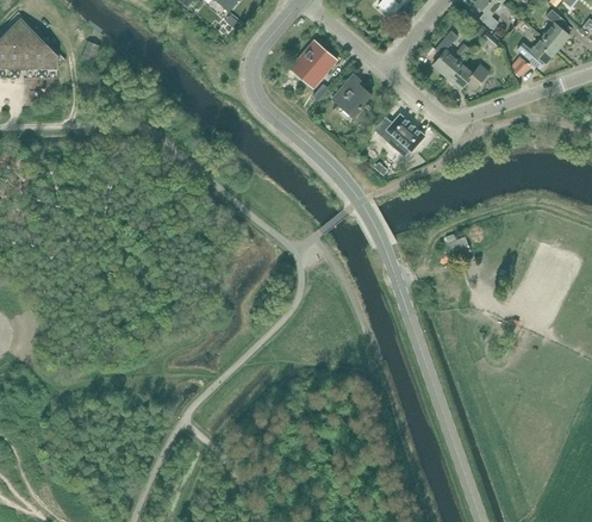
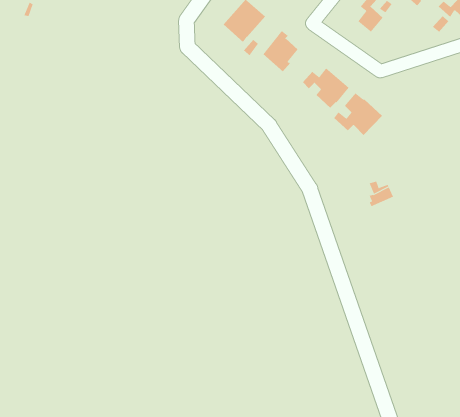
building: [447,62,488,89] -> none
building: none -> [333,92,383,136]

